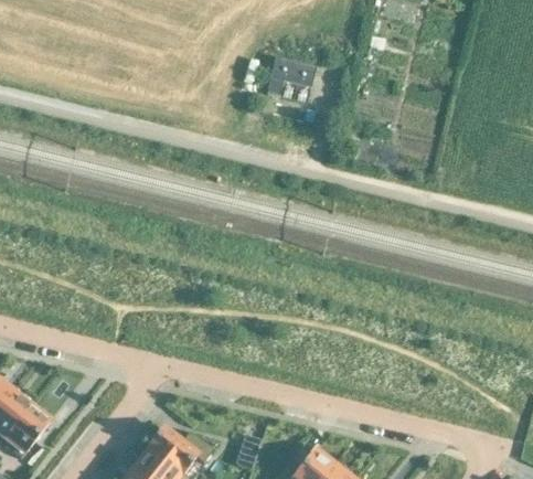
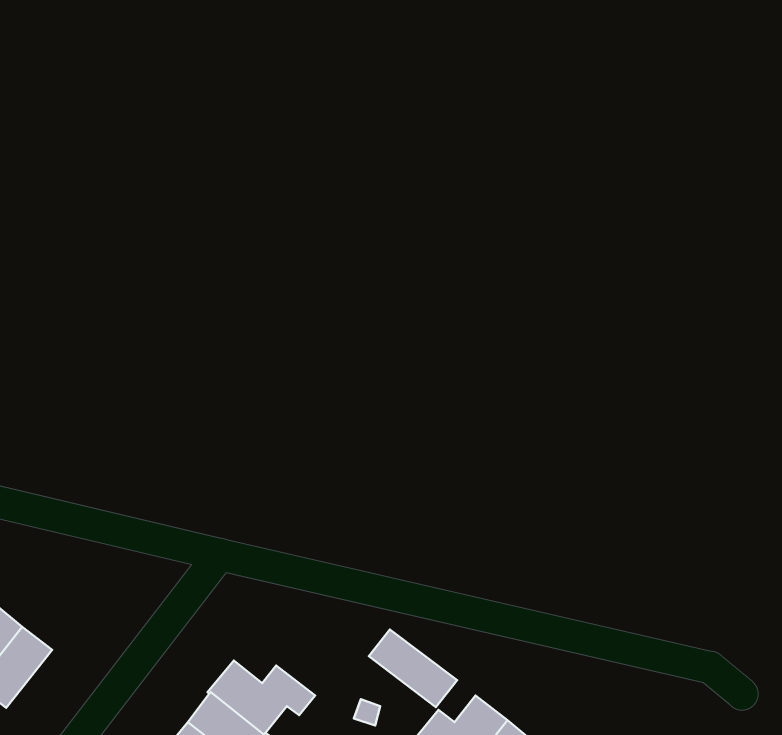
building: [267,55,317,94] -> none
building: none -> [369,629,457,707]

